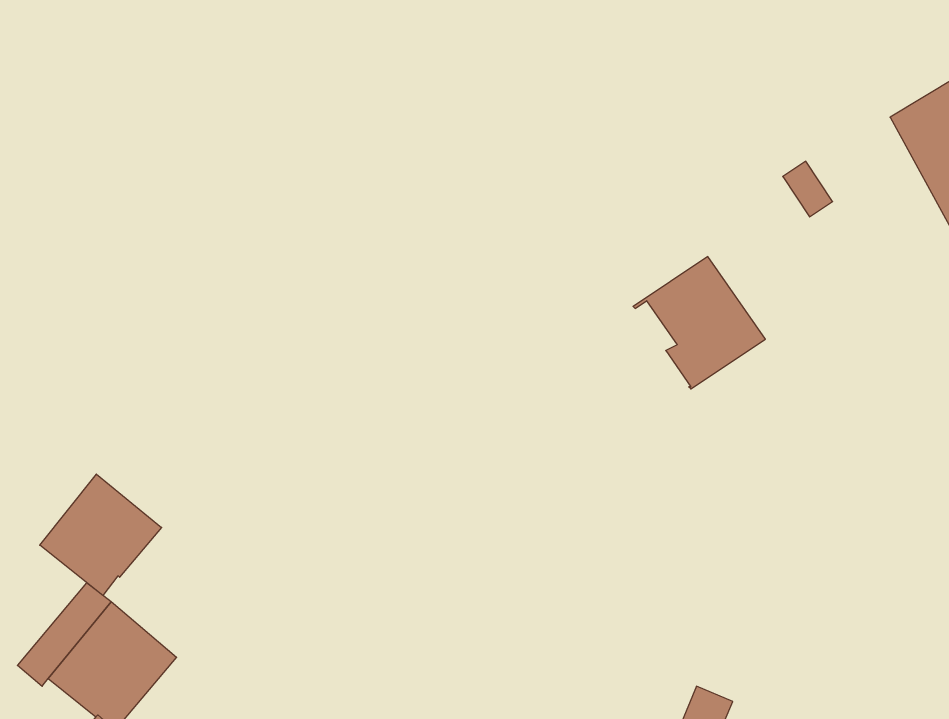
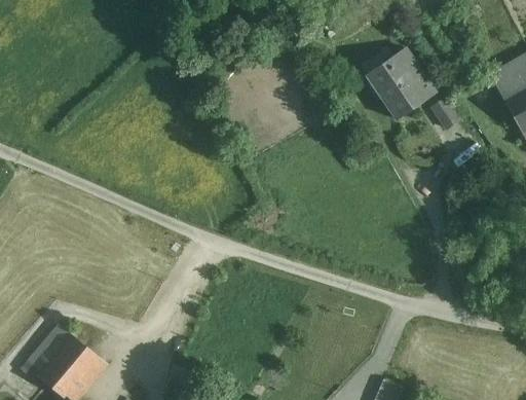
building: [633,257,765,389] -> [365,48,436,119]
building: [40,474,162,595] -> none

